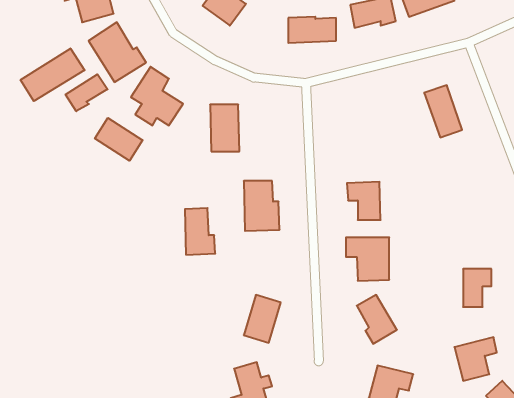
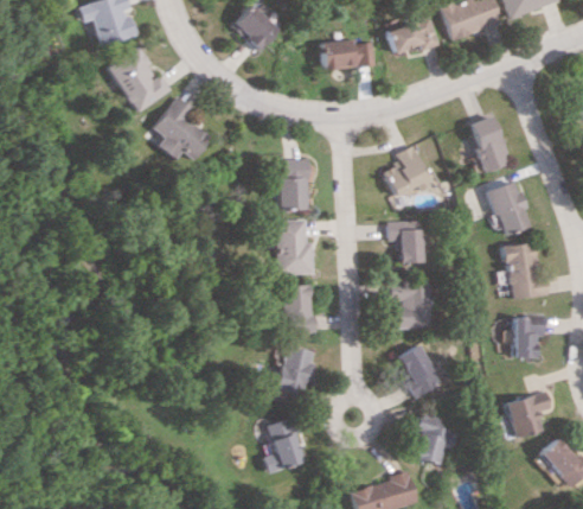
building: [21,48,85,101] -> none
building: [66,74,108,111] -> none
building: [210,105,239,151] -> [277,160,309,211]
building: none -> [385,146,435,197]
building: [95,118,143,161] -> none
building: none -> [489,182,534,237]
building: none -> [506,243,550,300]
building: [185,208,215,255] -> [282,285,315,336]

